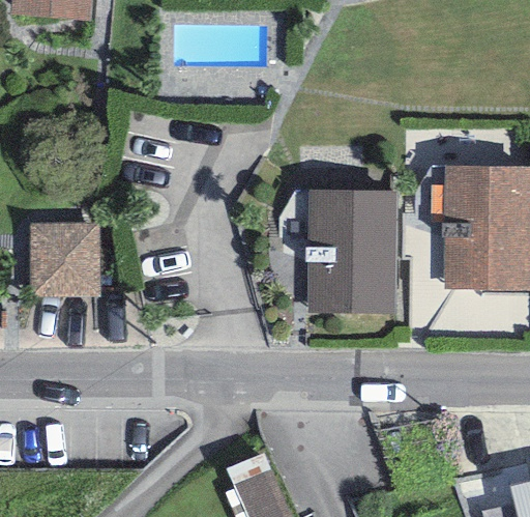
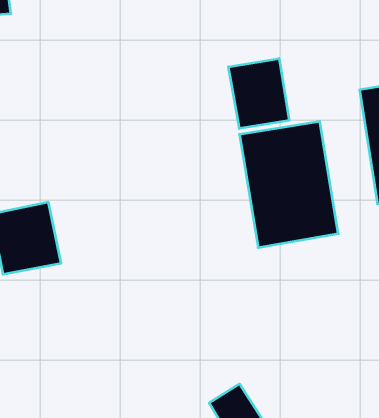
building: none -> [228,58,289,129]

